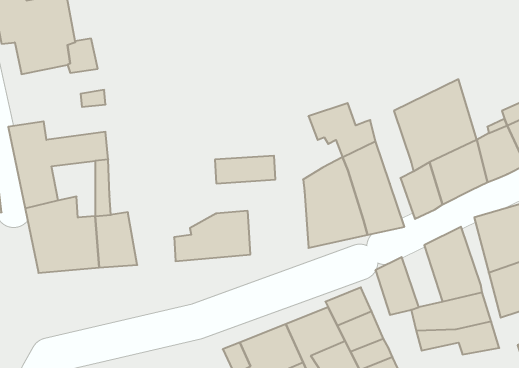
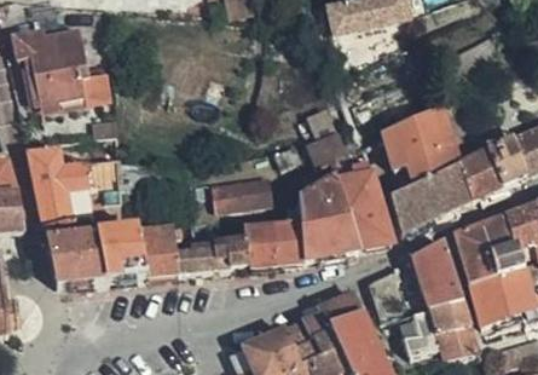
building: none -> [247,210,302,269]
building: none -> [137,220,180,278]

